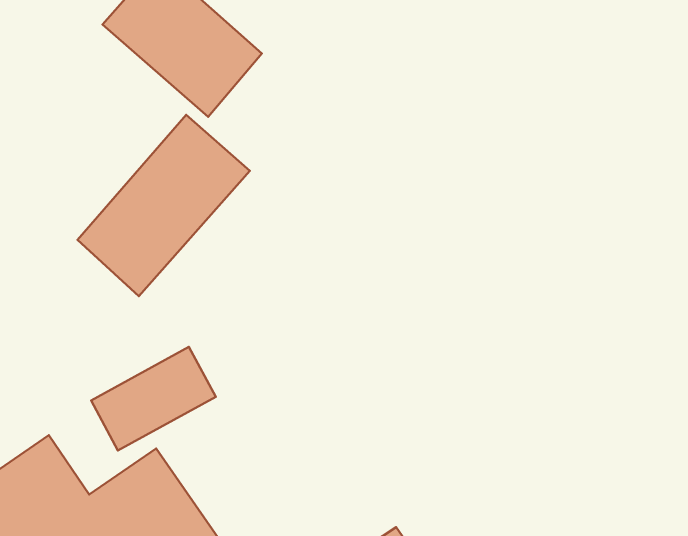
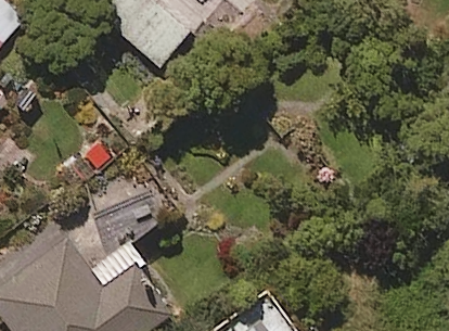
building: [77,115,250,296] -> none

